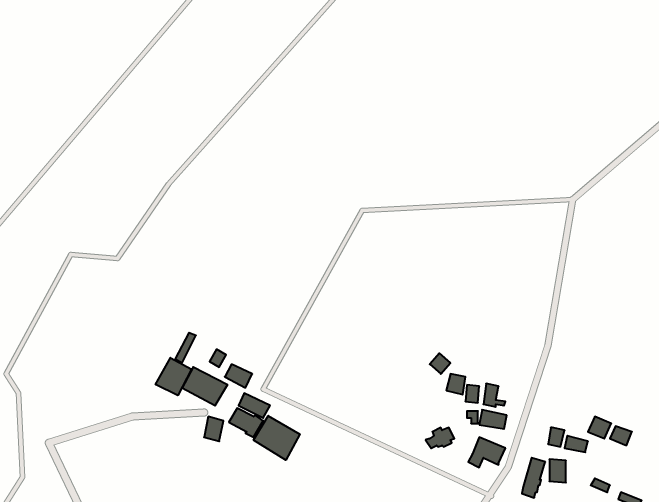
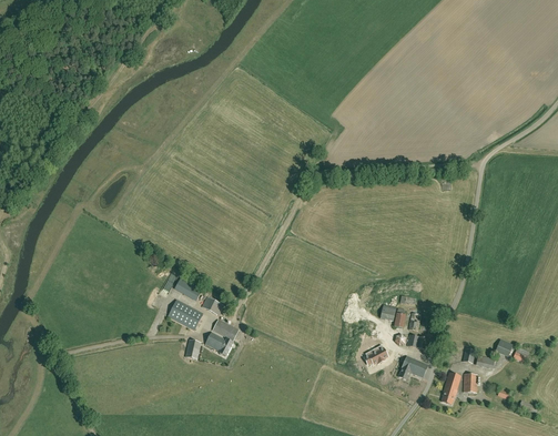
building: [156,358,192,395] -> none
building: [254,416,300,460] -> none

